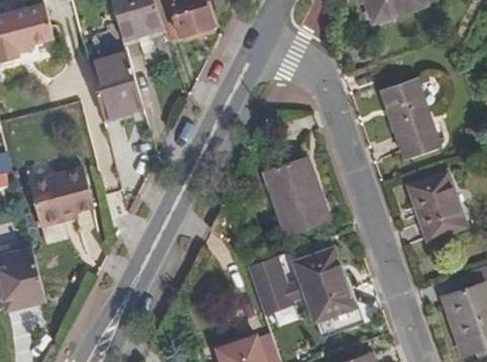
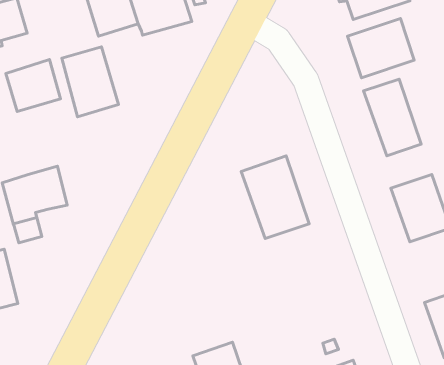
building: none -> [348,18,414,78]
building: none -> [6,59,60,111]
building: [247,248,354,321] -> none

